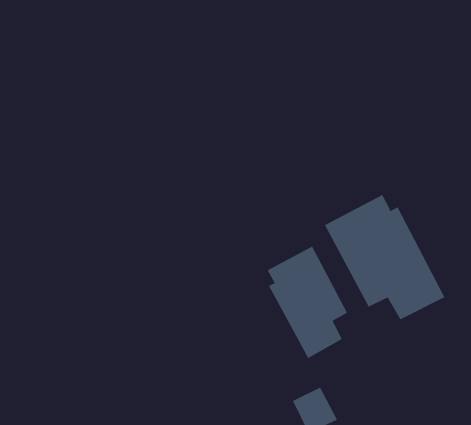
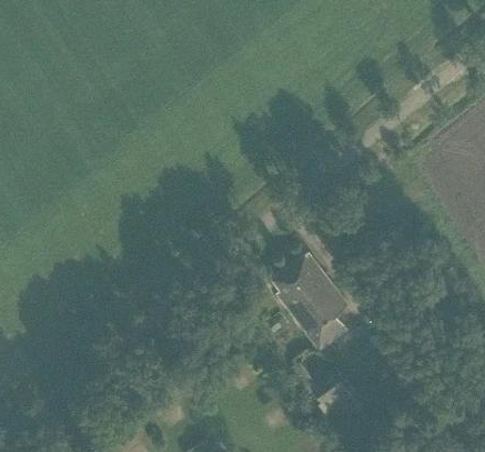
building: [324,194,445,320] -> none

